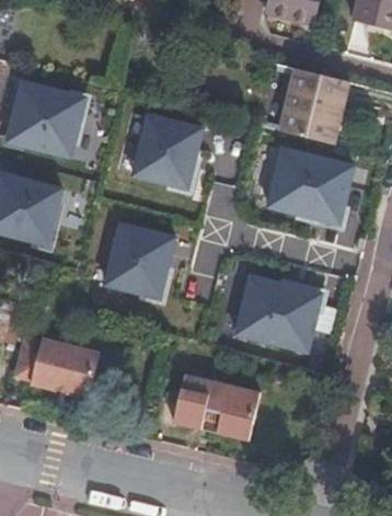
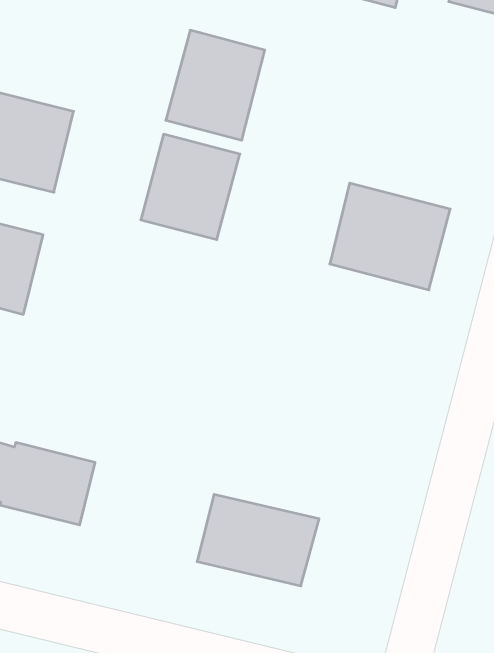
building: [278,68,349,147] -> [166,30,265,140]
building: [106,222,176,298] -> none
building: [237,275,323,352] -> none

